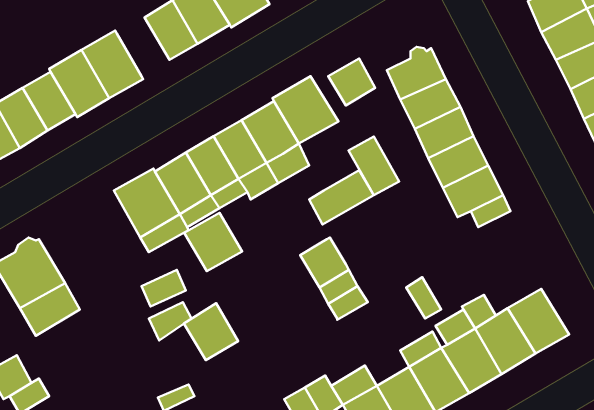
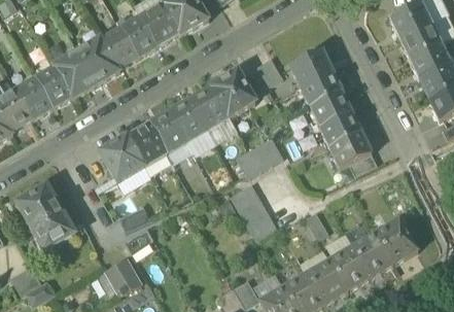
building: none -> [101,28,138,69]
building: [348,137,399,195] -> none
building: [184,213,242,271] -> none
building: [184,303,238,360] -> [104,255,142,296]

